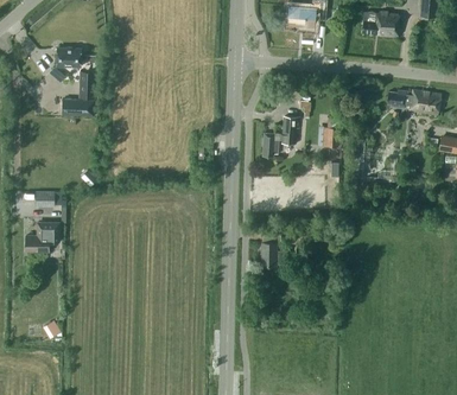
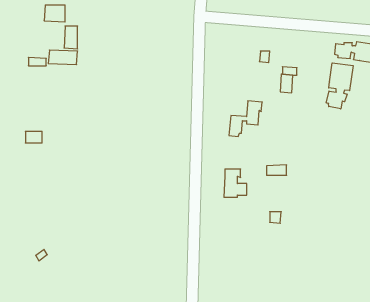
building: none -> [326,63,353,109]
building: [261,116,299,157] -> [229,101,262,136]
building: [25,222,58,250] -> none

